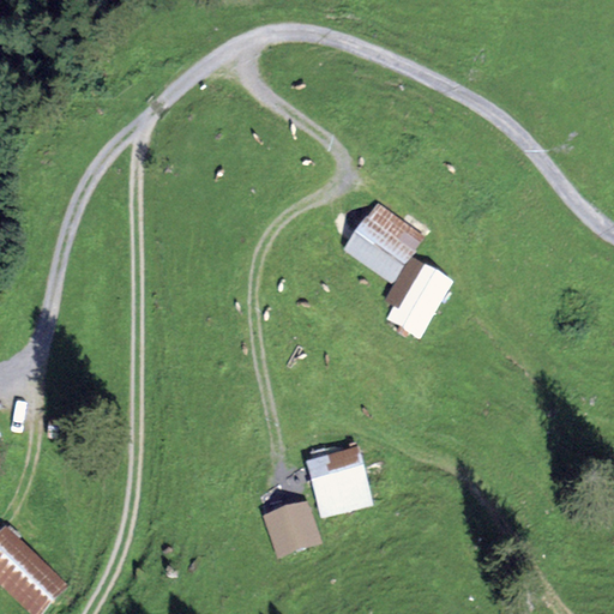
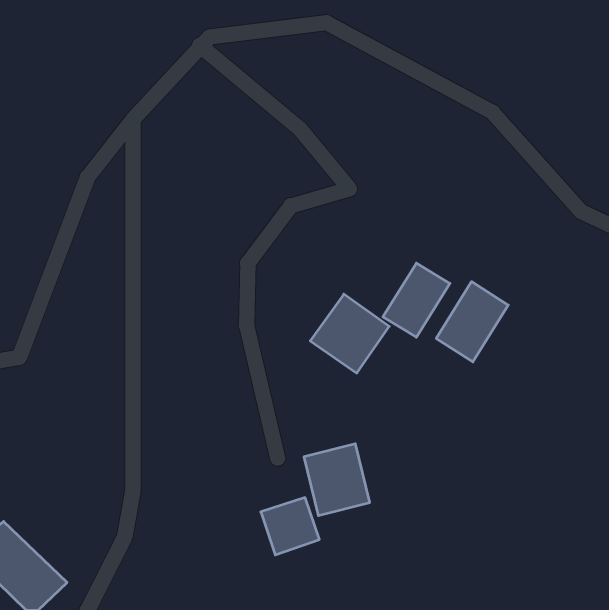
building: [343,203,422,282] -> [310,294,389,373]
building: none -> [436,282,508,362]

